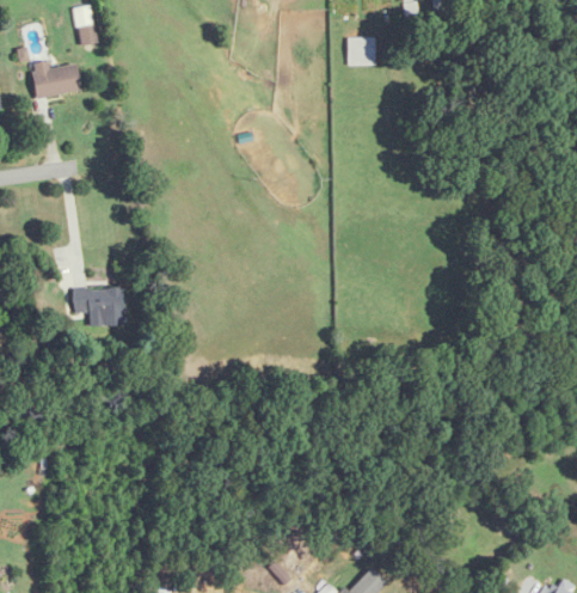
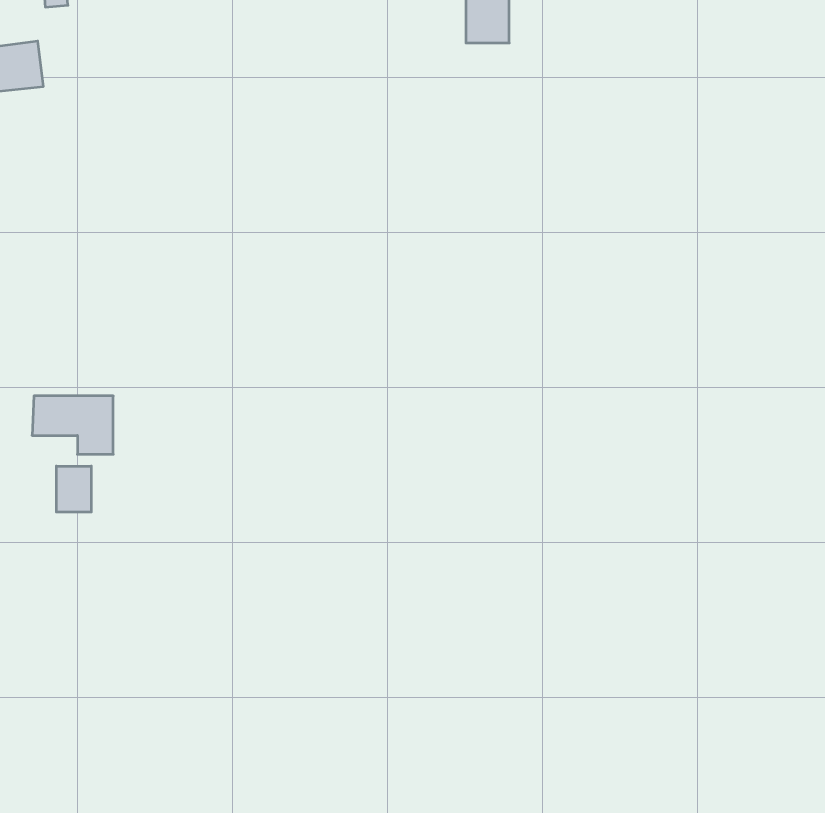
building: none -> [56,466,91,512]

